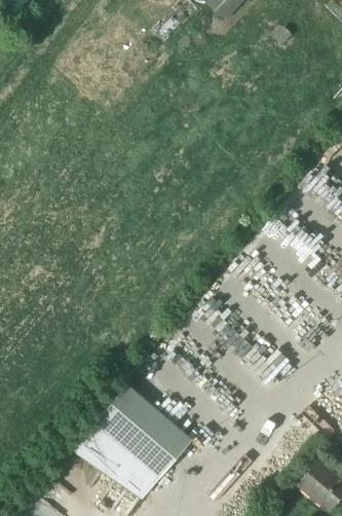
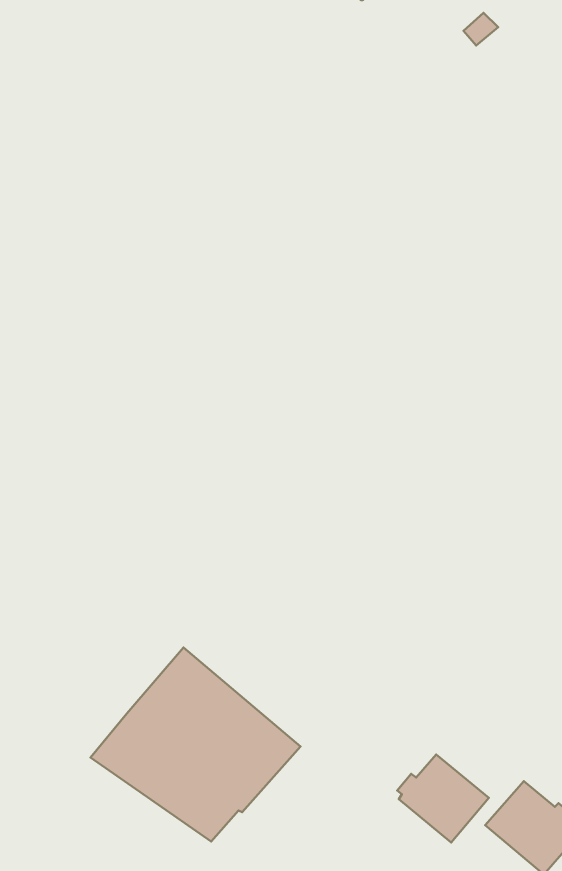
building: none -> [397,755,489,842]

